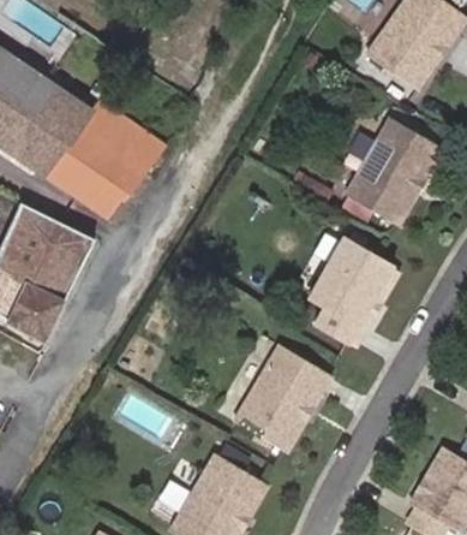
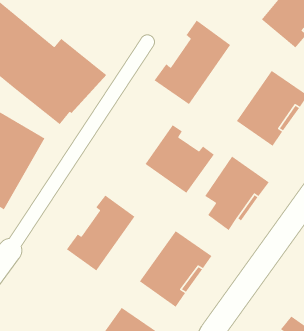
building: none -> [154,20,231,105]
building: none -> [144,124,215,194]
building: none -> [66,194,136,272]

